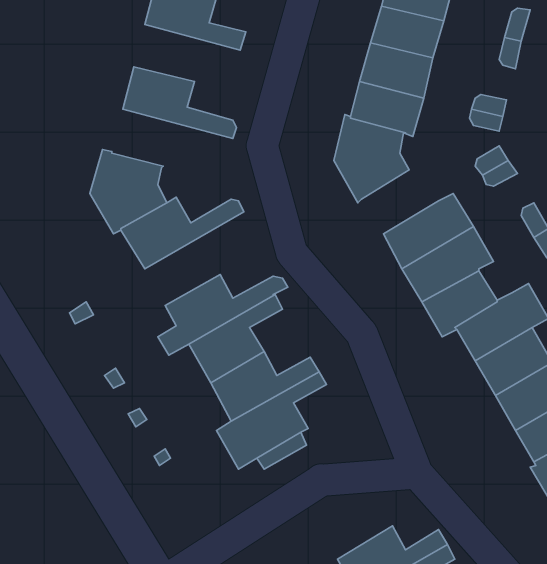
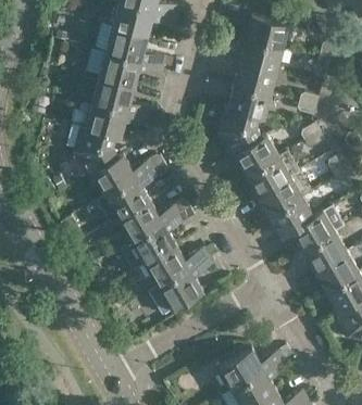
building: none -> [99,52,162,86]
building: none -> [86,102,158,138]
building: none -> [234,136,279,176]
building: none -> [105,163,167,218]

